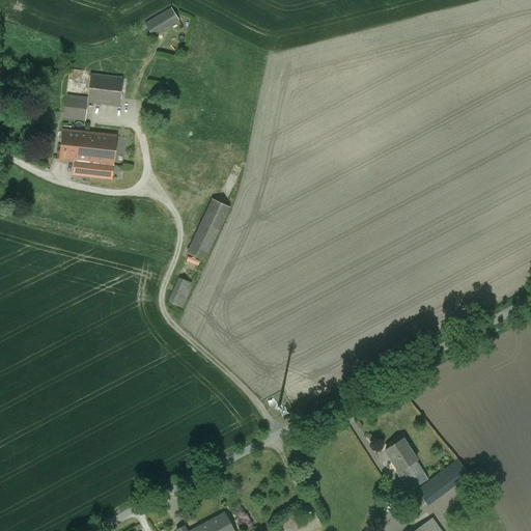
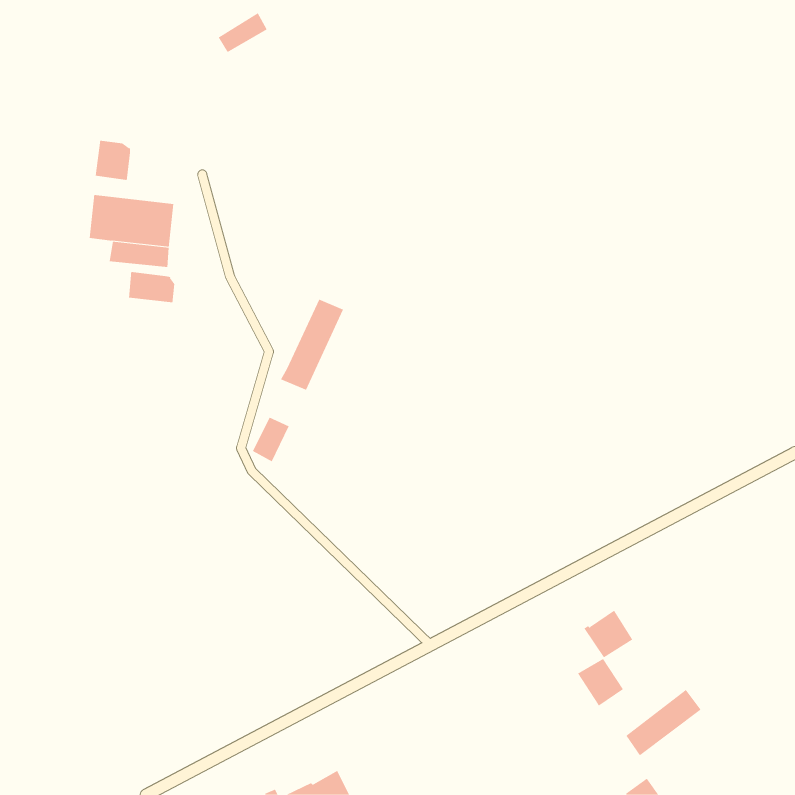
building: [87,75,122,105] -> none
building: none -> [128,271,175,303]
building: [395,459,428,492] -> [583,610,633,658]

